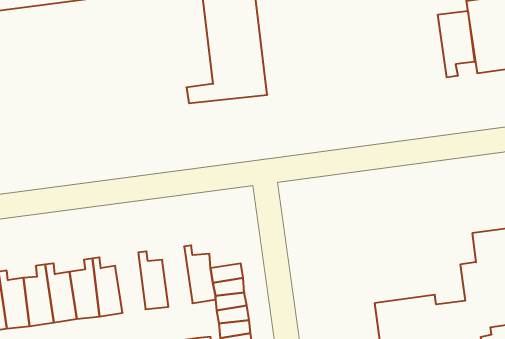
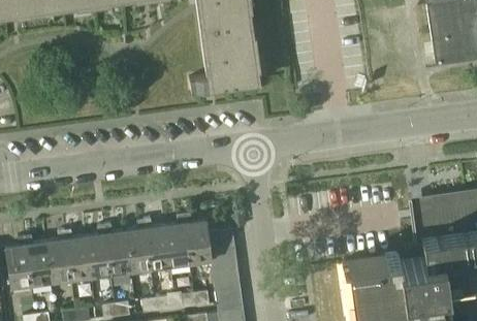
building: [438,11,474,77] -> none
building: none -> [165,214,191,265]
building: none -> [125,219,151,270]

